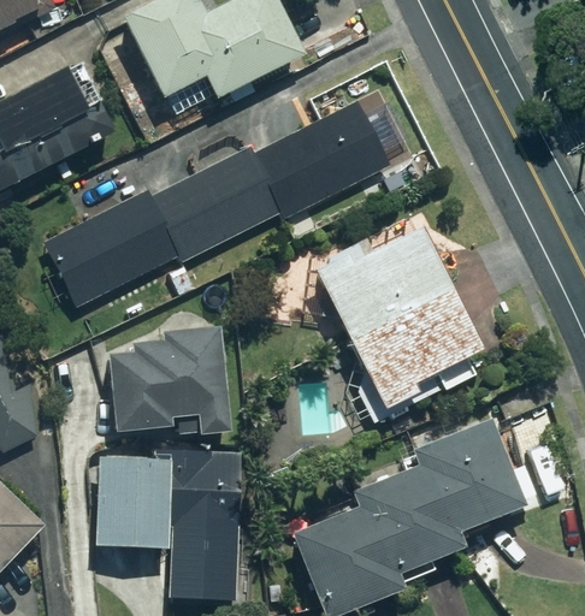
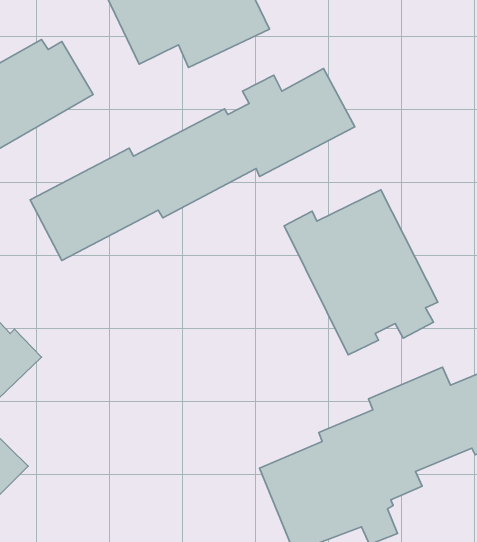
building: [110,327,229,437] -> none
building: [95,446,262,602] -> none

